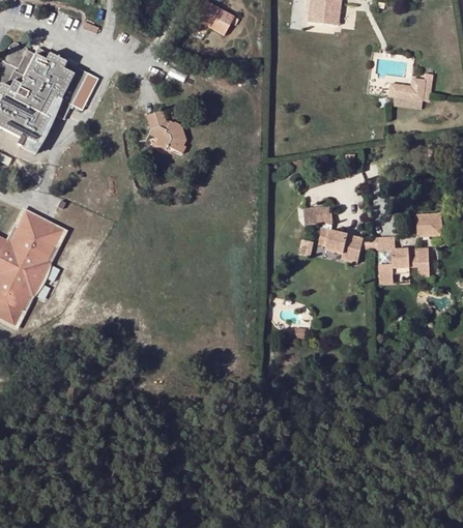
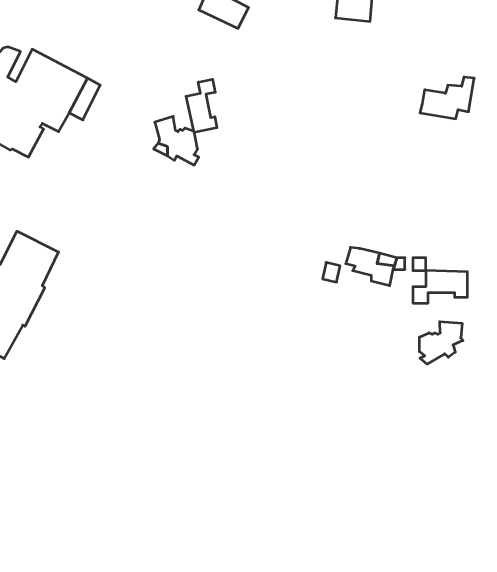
building: none -> [186,79,217,132]
building: [302,206,332,224] -> none
building: [414,211,440,236] -> none
building: none -> [419,322,463,364]

